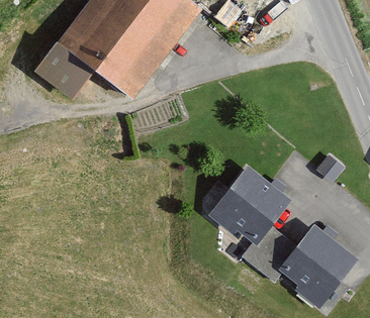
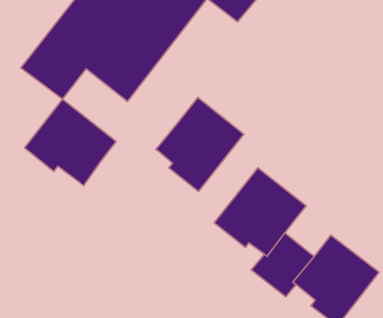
building: none -> [156,98,244,192]
building: none -> [24,99,116,186]

